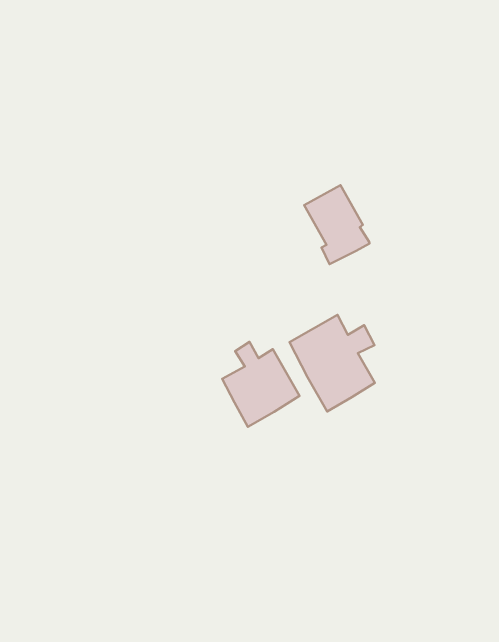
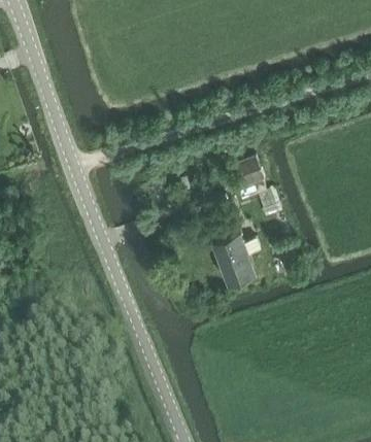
building: [222,342,300,427] -> none

